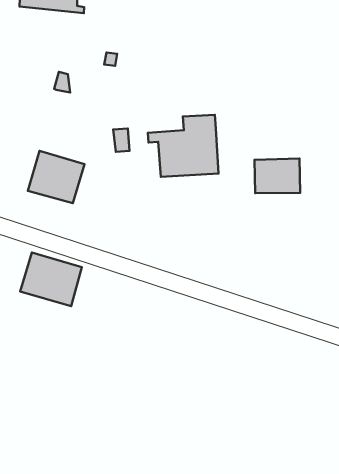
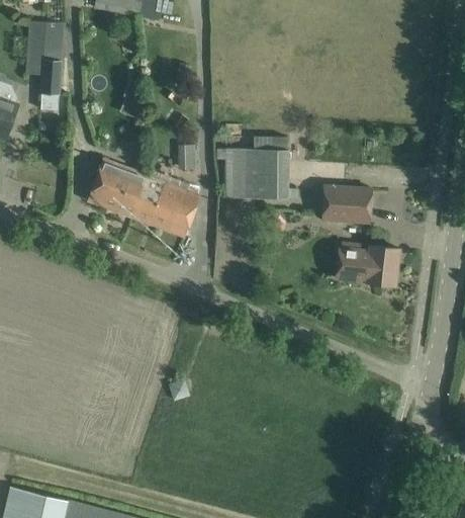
building: none -> [336,246,399,286]
building: [20,252,82,306] -> [133,177,199,236]

